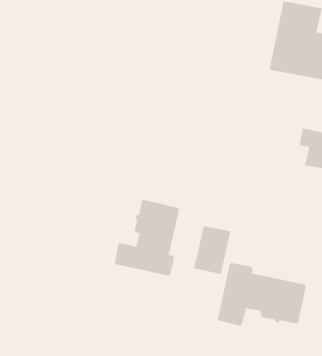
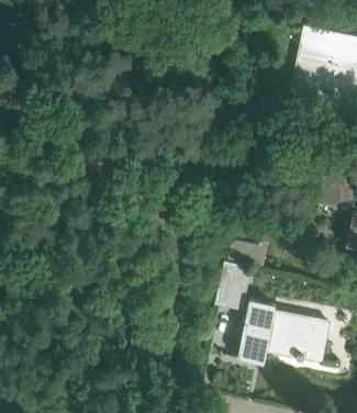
building: [114,199,180,277] -> none

